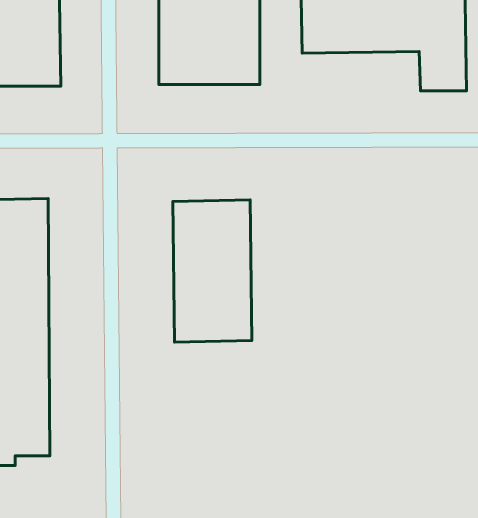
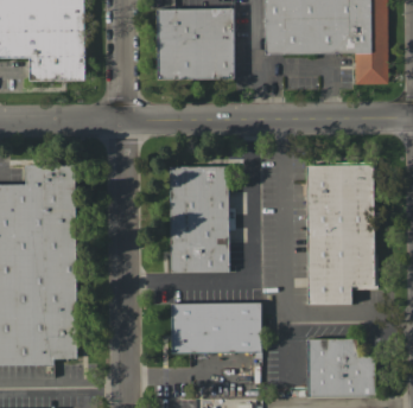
building: none -> [306,164,376,304]
building: none -> [171,301,261,352]
building: none -> [306,337,376,396]

